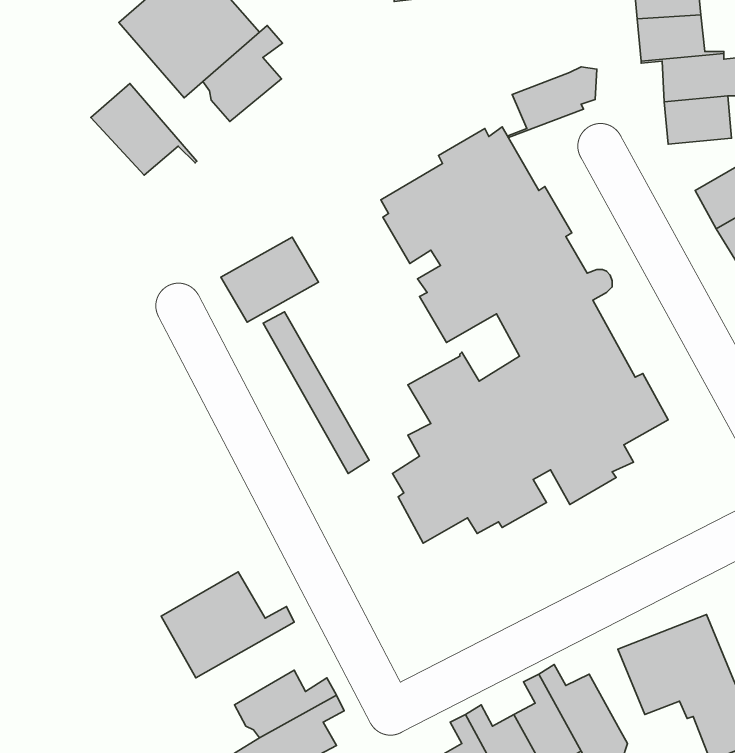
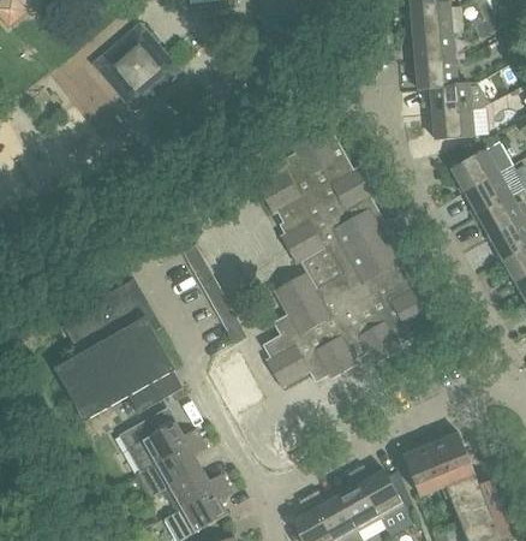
building: [203,25,282,122] -> none
building: [508,67,597,138] -> none
building: [91,84,197,175] -> none
building: [221,237,318,322] -> none
building: none -> [54,278,183,421]
building: none -> [136,438,207,498]

